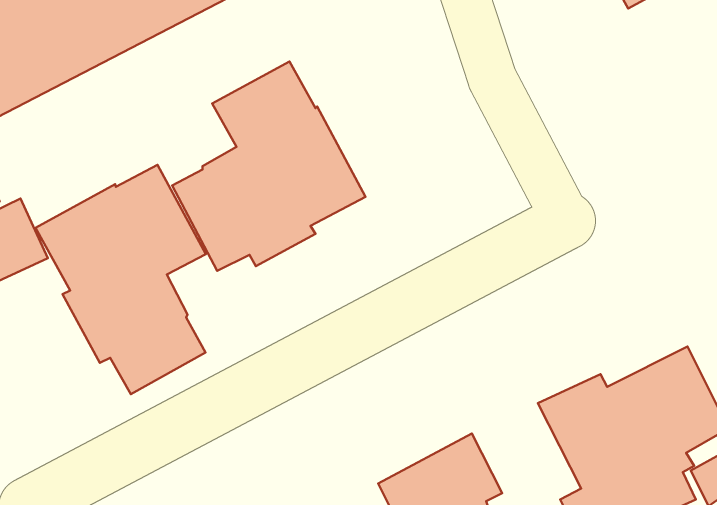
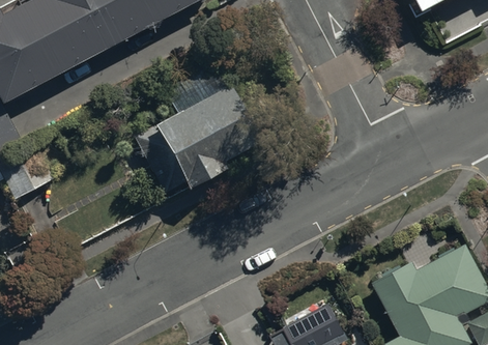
building: [36,165,206,394] -> none

